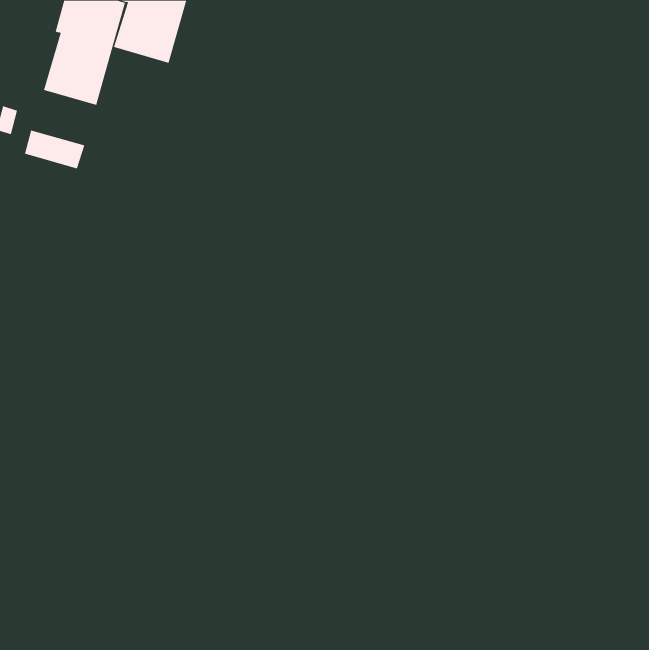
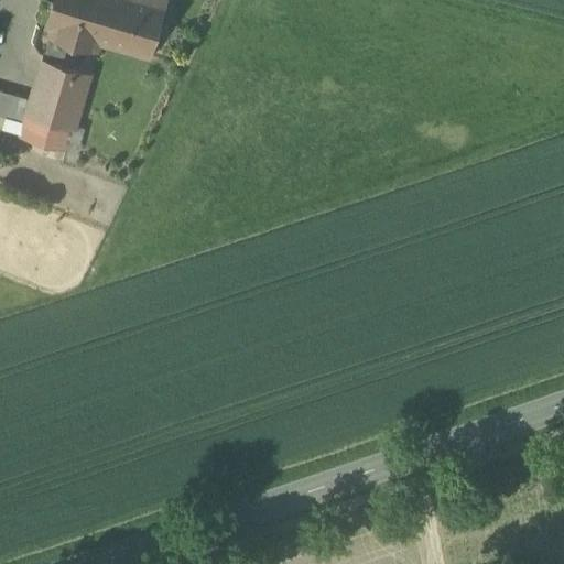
building: none -> [26,78,84,126]

